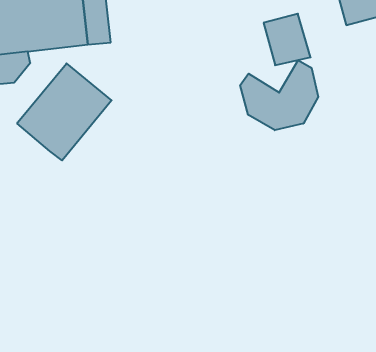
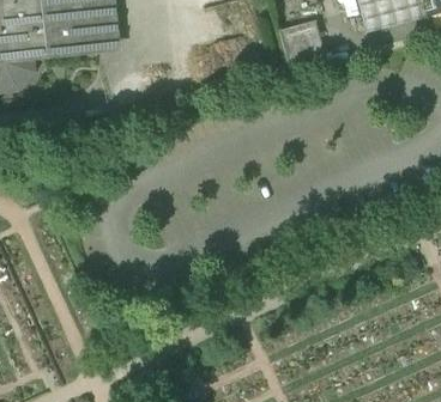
building: [240,60,318,130] -> none
building: [17,63,112,160] -> none

